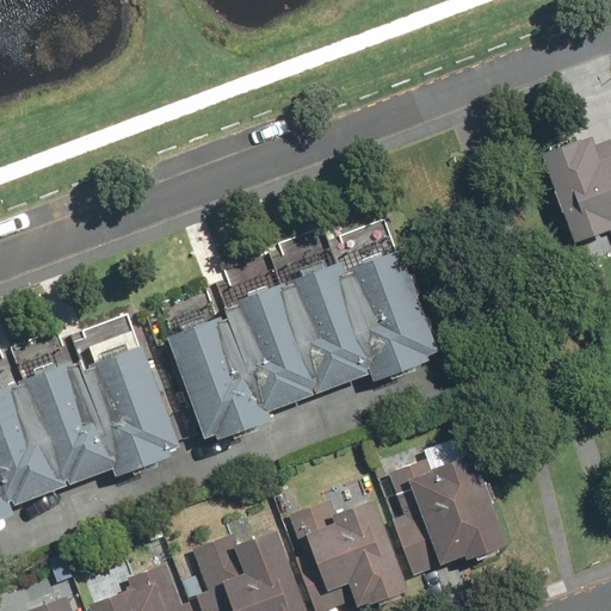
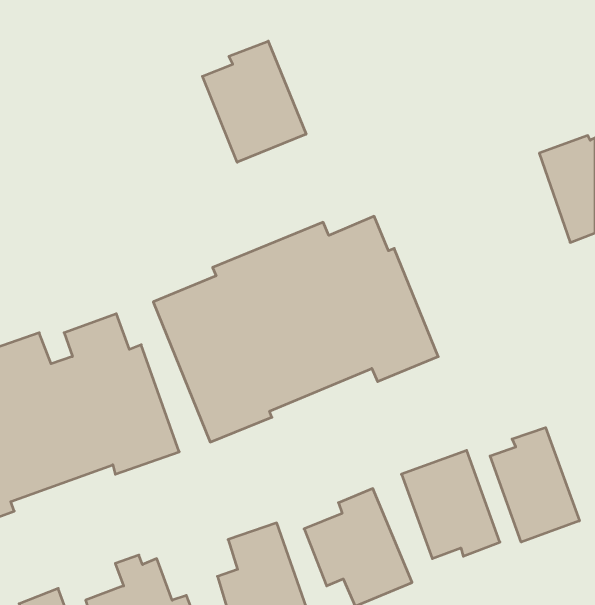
building: none -> [202,41,306,162]
building: none -> [490,428,579,542]

